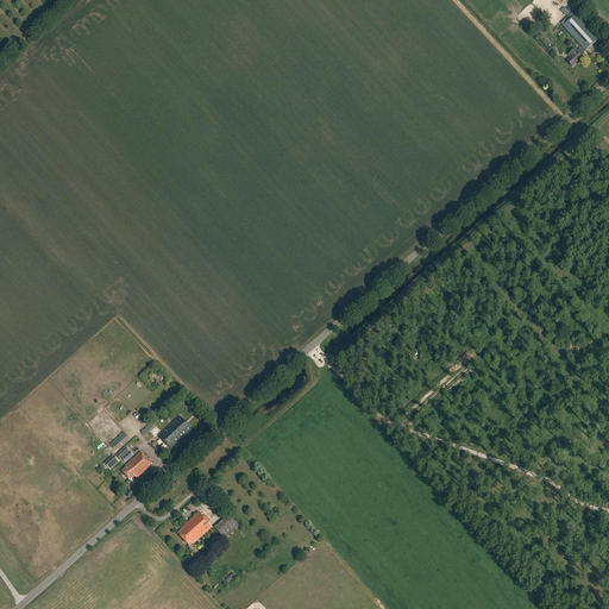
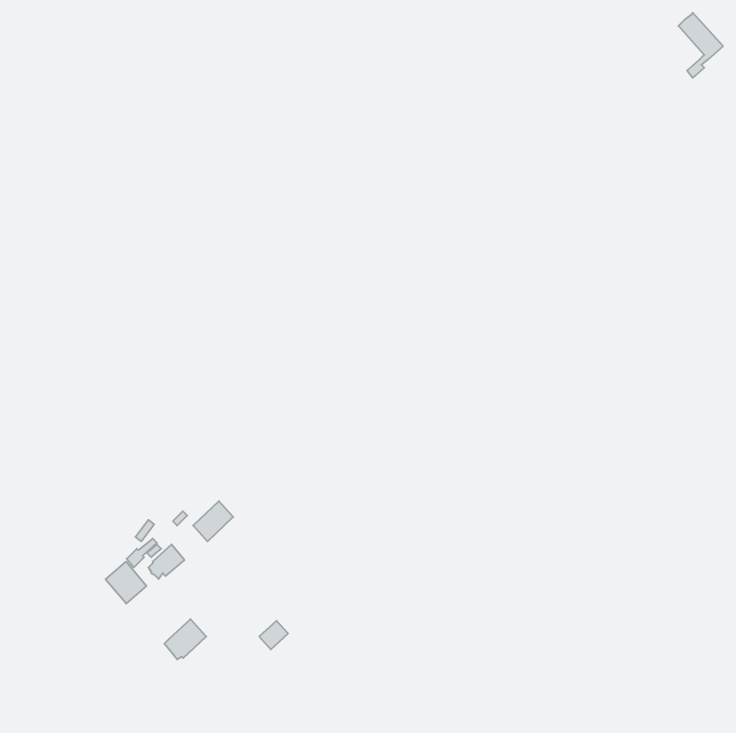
building: none -> [106,562,146,604]
building: [178,510,213,544] -> [164,619,206,659]

